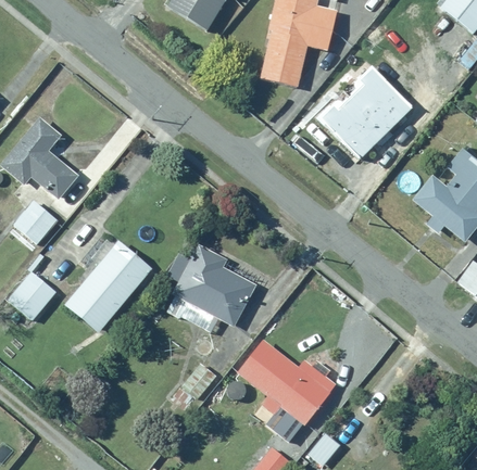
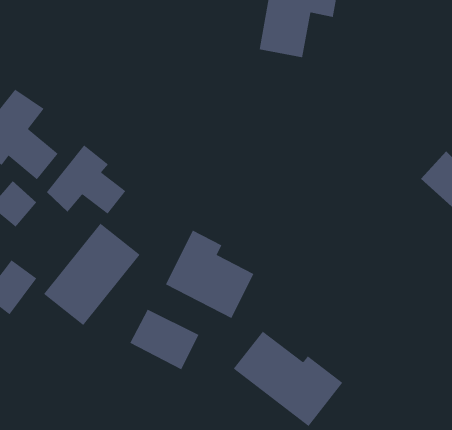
building: [314,63,412,161] -> none
building: none -> [46,145,126,215]
building: none -> [129,309,199,370]

